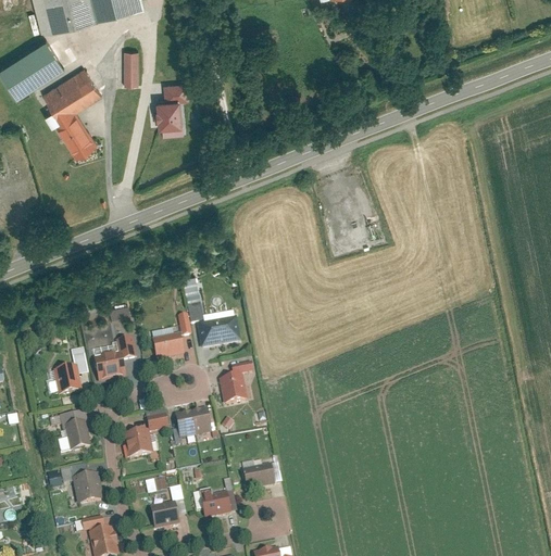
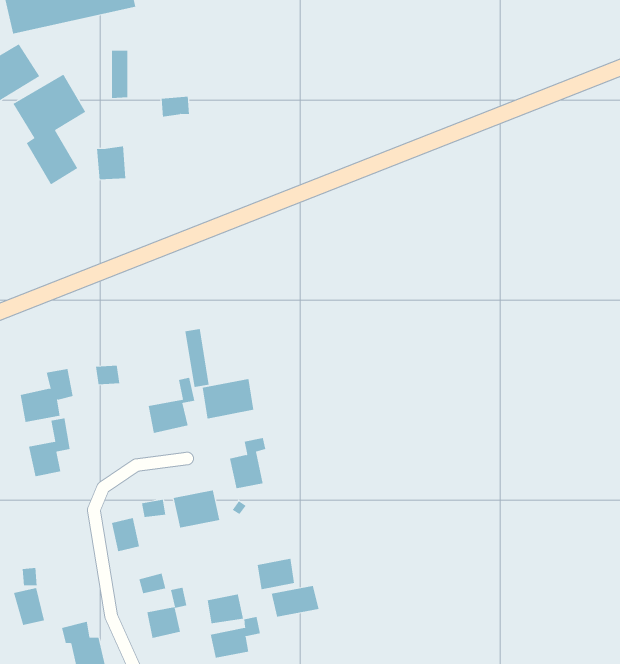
building: [158,96,183,124] -> [96,146,126,180]
building: [95,336,139,380] -> [20,369,74,422]
building: [61,410,91,450] -> none
building: [72,472,98,504] -> [13,588,45,626]
building: none -> [271,585,319,618]
building: none -> [210,616,260,659]

